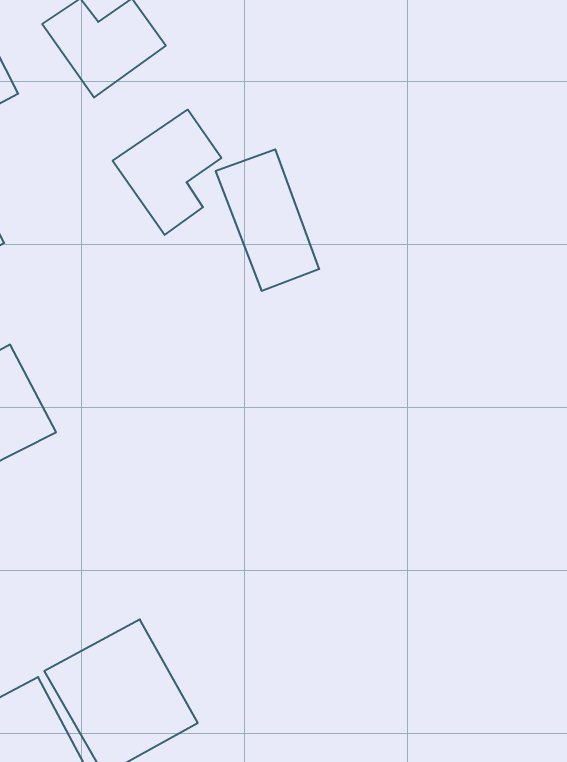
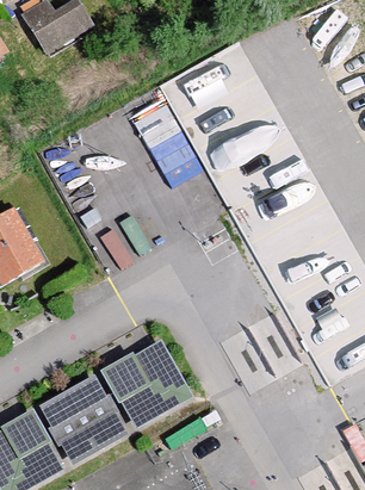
building: [113,110,221,235] -> none
building: none -> [93,337,188,434]

